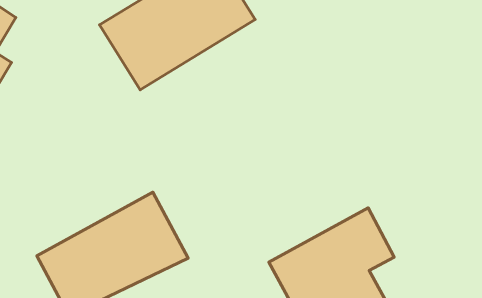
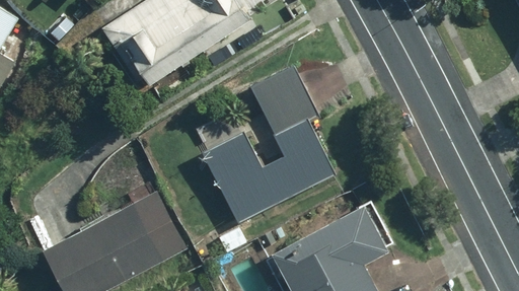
building: none -> [203,67,337,227]

